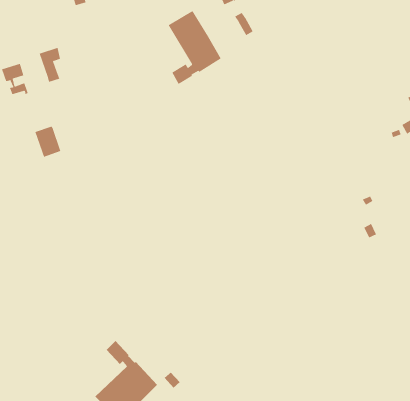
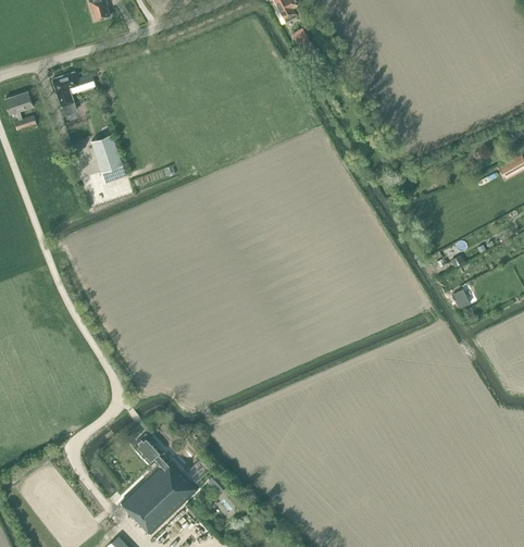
building: [168,10,221,85] -> none
building: [35,126,61,157] -> [90,134,123,173]

